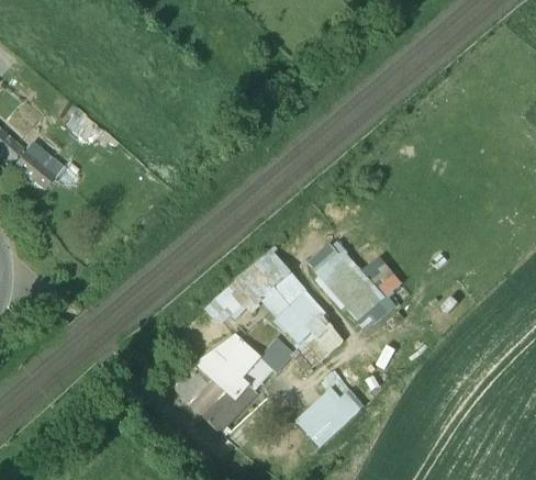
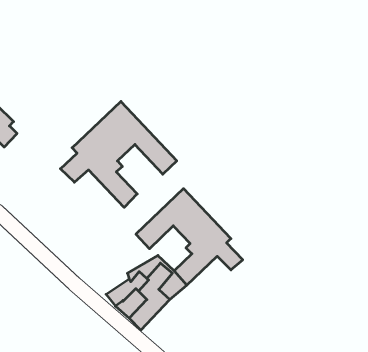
building: none -> [60,101,177,207]
building: [319,245,405,321] -> none
building: [295,386,362,445] -> none

